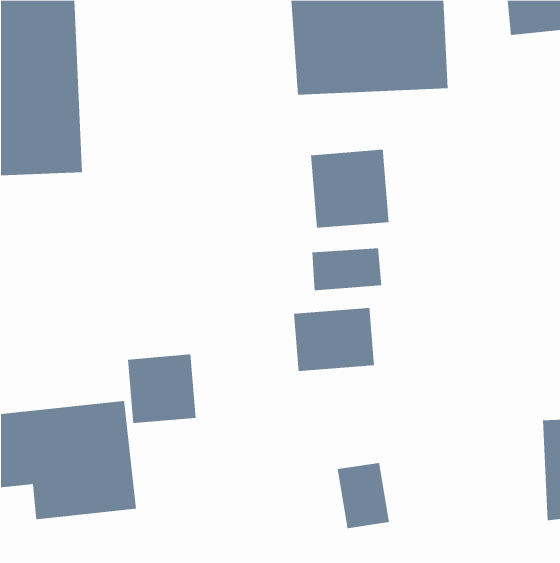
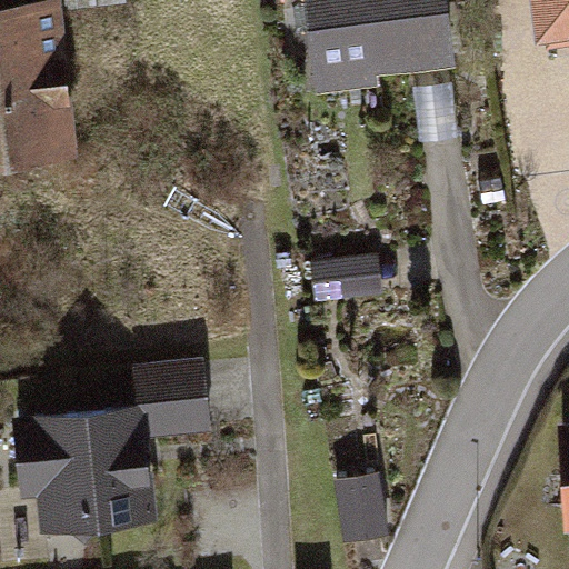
building: [310,149,389,229] -> none
building: [293,307,374,372] -> none

